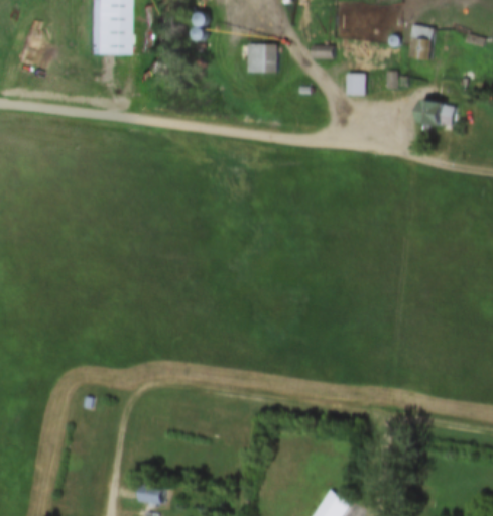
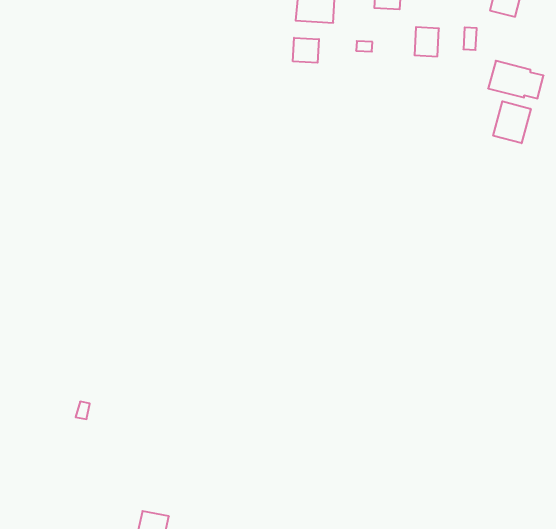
building: none -> [293,38,319,63]
building: none -> [493,101,531,143]

